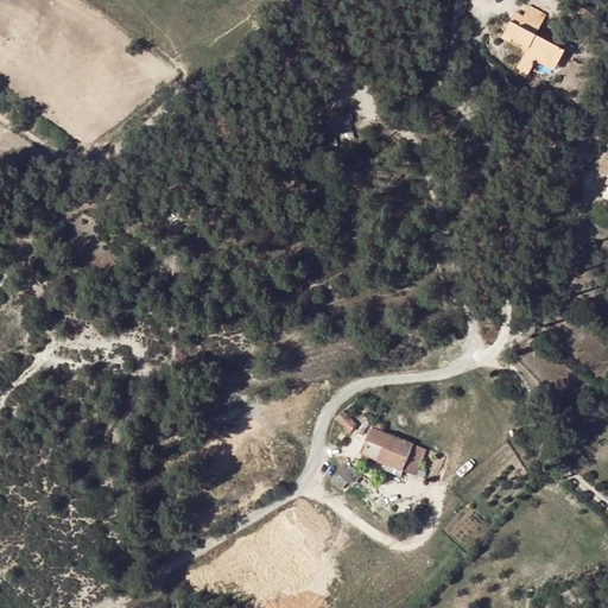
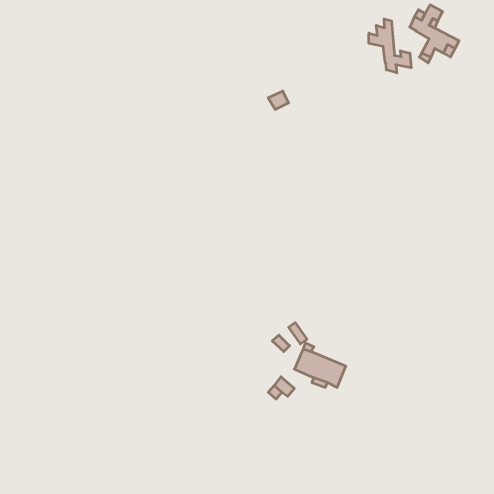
building: none -> [369,19,411,73]

